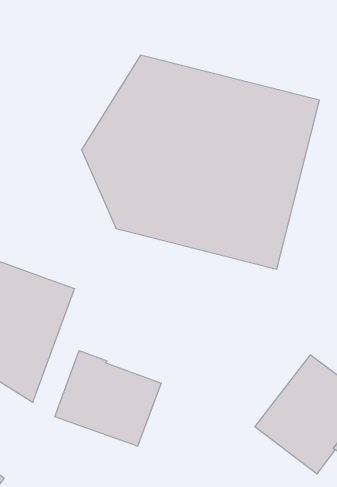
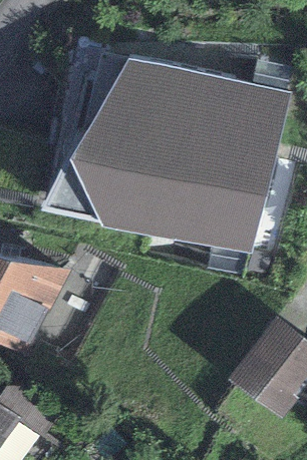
building: [55,351,161,446] -> none

